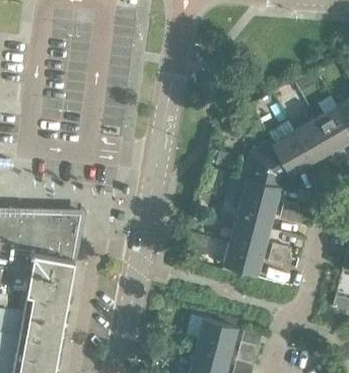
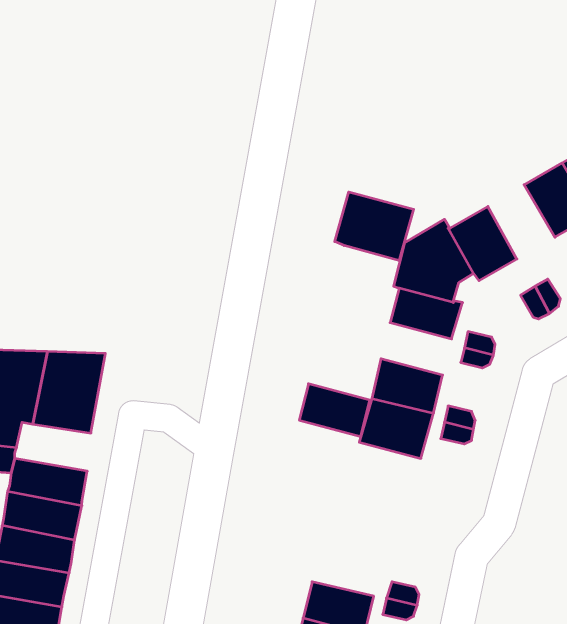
building: [294,121,332,162] -> none
building: none -> [335,192,414,261]
building: [234,198,274,227] -> [299,384,370,436]
building: [29,253,74,281] -> none
building: [196,319,236,351] -> none

